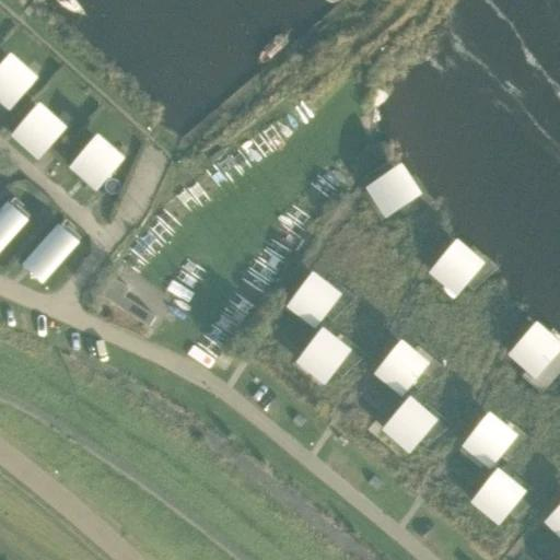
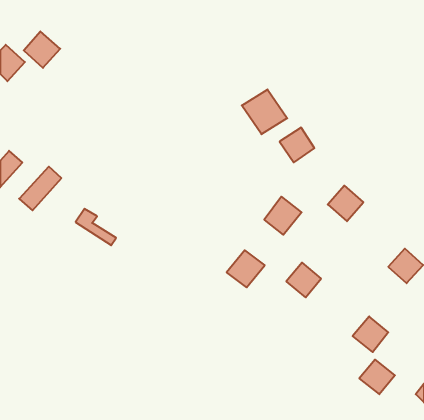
building: [14,108,62,156] -> [24,31,60,68]
building: none -> [242,89,287,134]
building: [72,140,120,187] -> none
building: [290,273,339,324] -> [264,197,302,235]
building: [385,399,434,448] -> none

